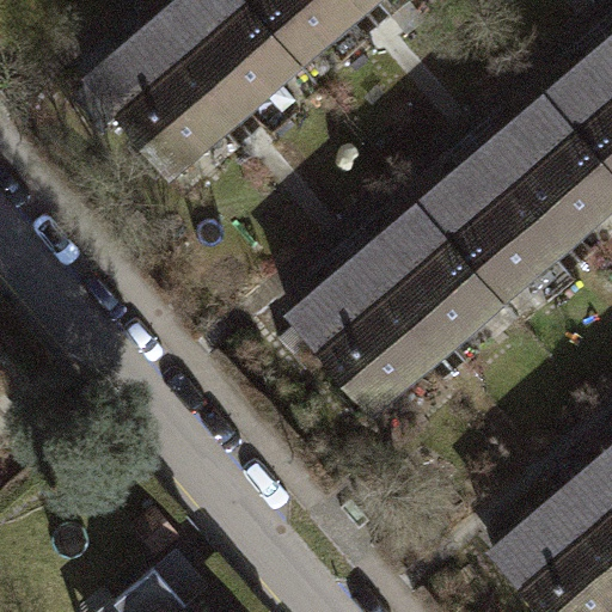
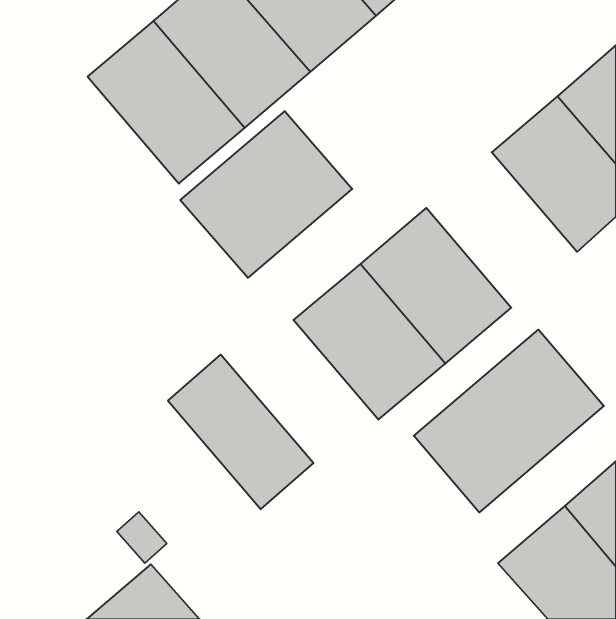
building: none -> [180,111,352,278]
building: [418,149,567,302] -> none
building: none -> [414,330,604,512]
building: none -> [168,355,313,509]

